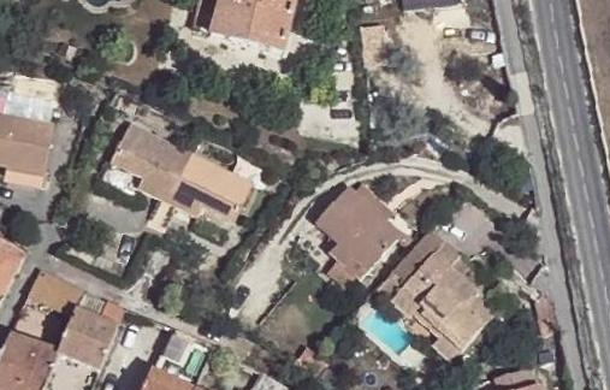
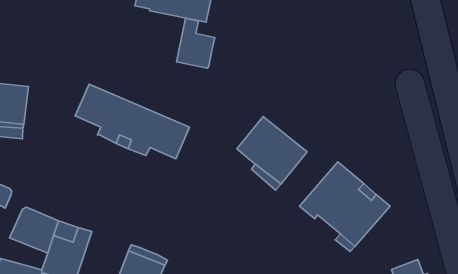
building: none -> [177,18,215,68]

